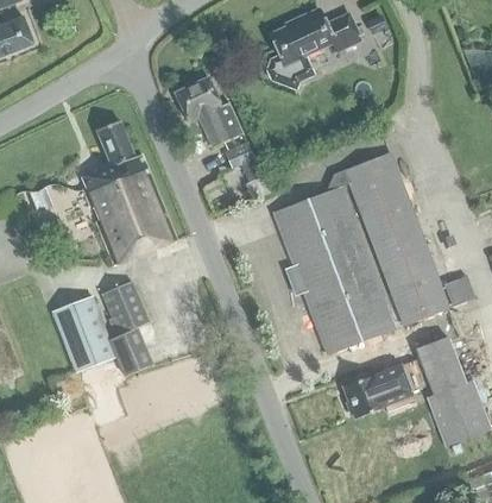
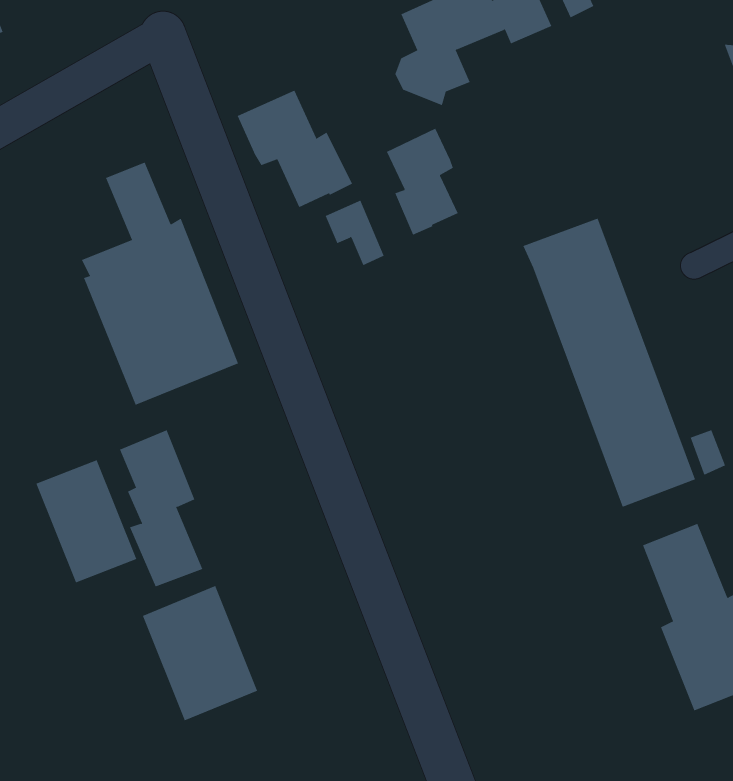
building: none -> [386,128,459,235]
building: [273,187,393,354] -> none
building: [342,358,424,417] -> none
building: none -> [142,585,258,721]

